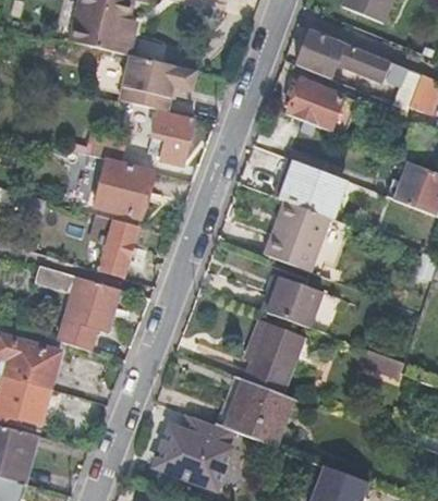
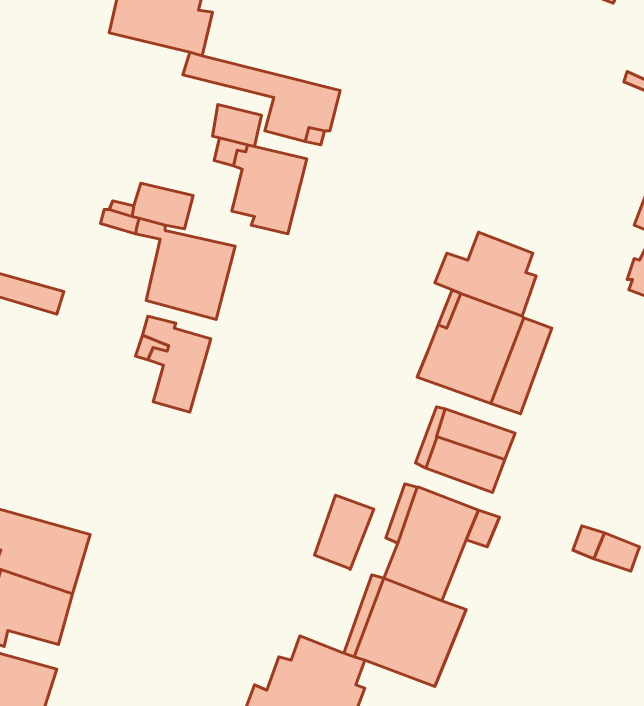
building: [296,29,388,81] -> none
building: [287,77,344,131] -> none
building: [34,266,120,353] -> none
building: none -> [314,495,374,569]

